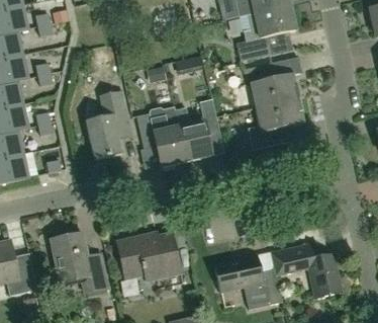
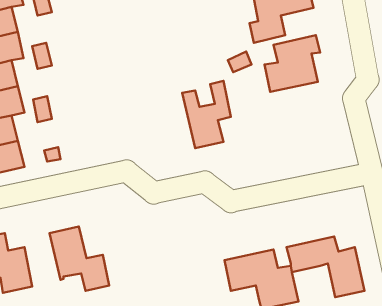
building: [86,90,131,159] -> none
building: [249,98,306,149] -> none
building: [136,106,187,166] -> none
building: [116,233,183,289] -> none

